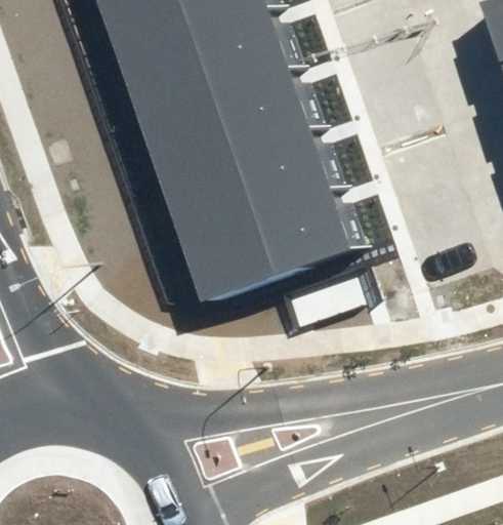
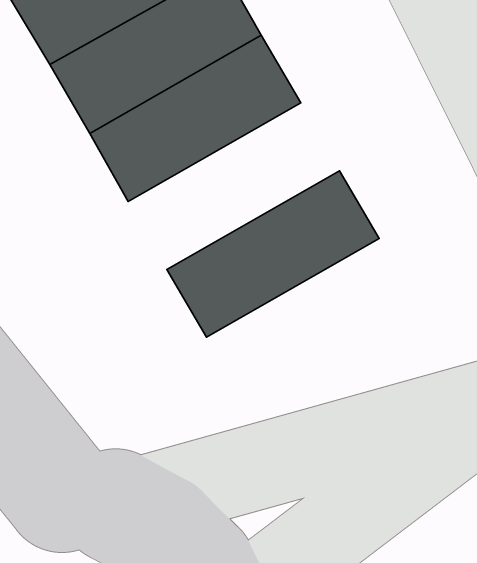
building: [161,126,336,242] -> none

